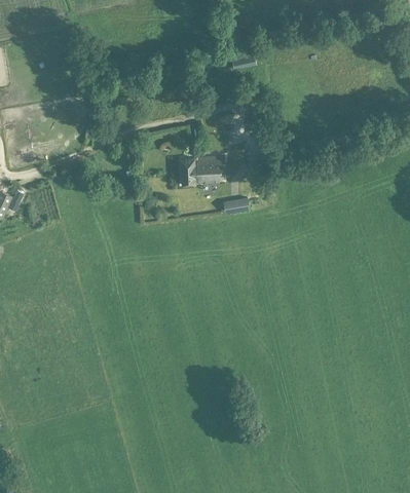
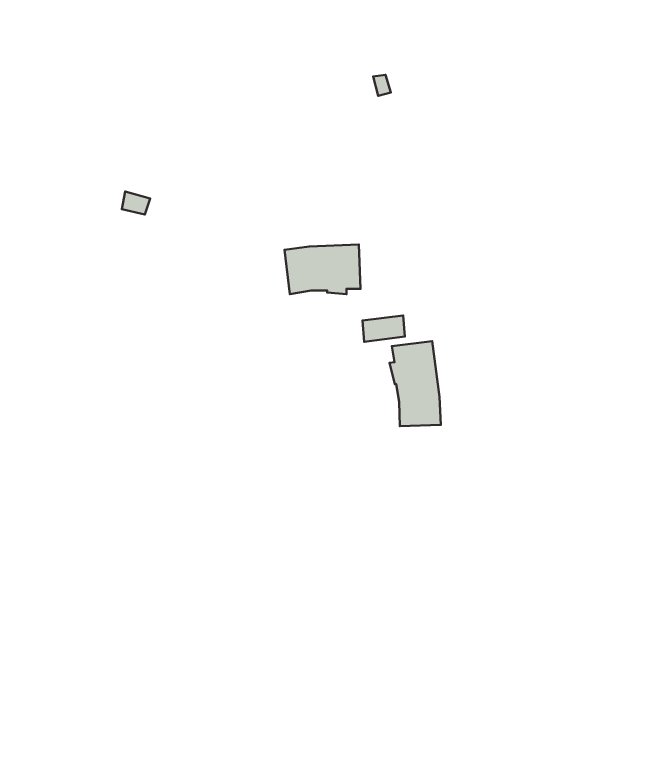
building: none -> [390,341,441,426]

